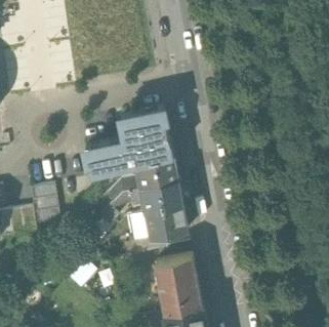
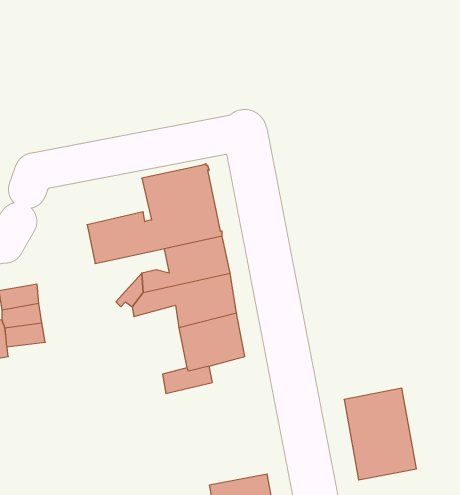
building: [156,255,202,314] -> [344,388,416,480]

